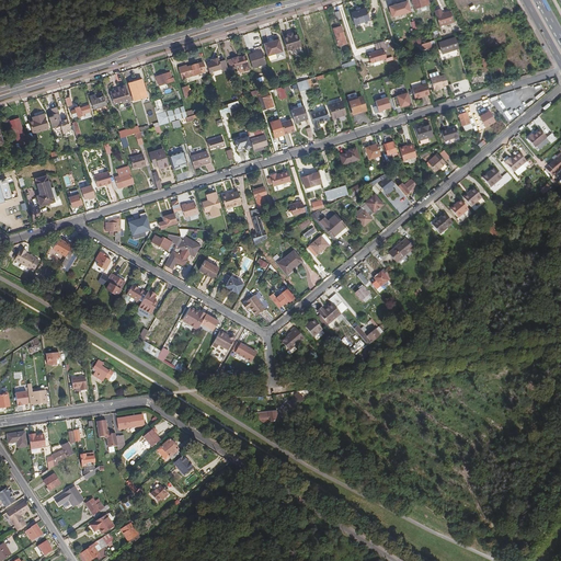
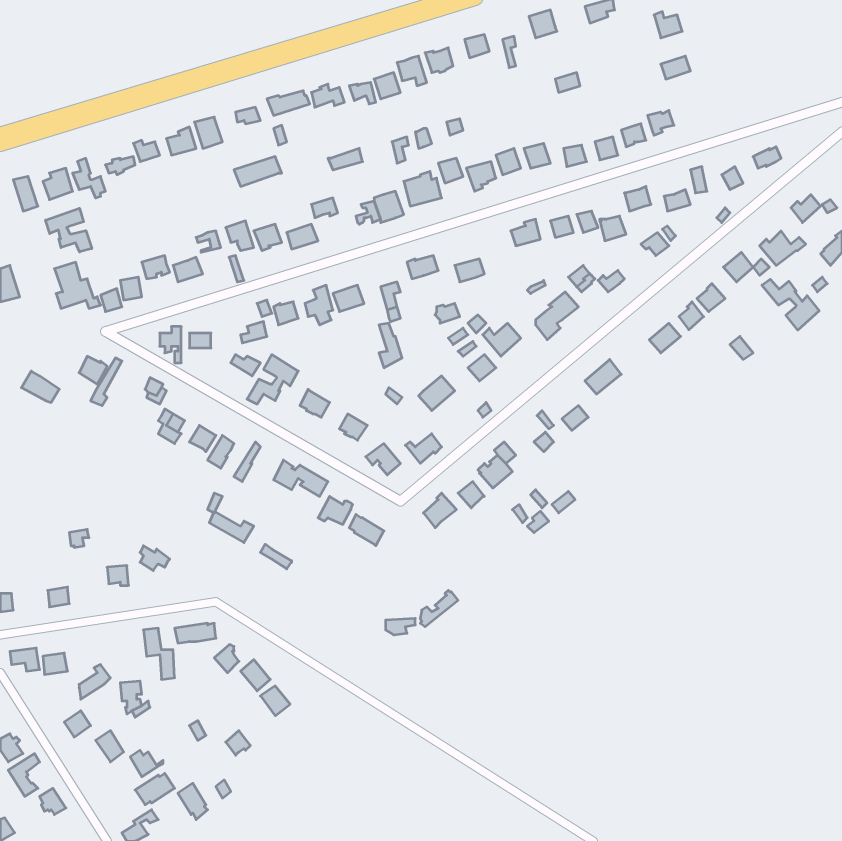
building: none -> [46,208,92,252]
building: none -> [762,279,819,330]

